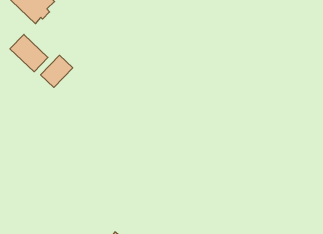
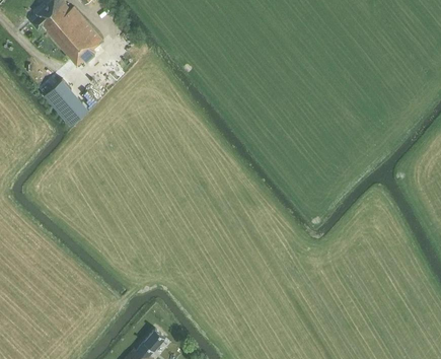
building: [41,55,73,87] -> none

